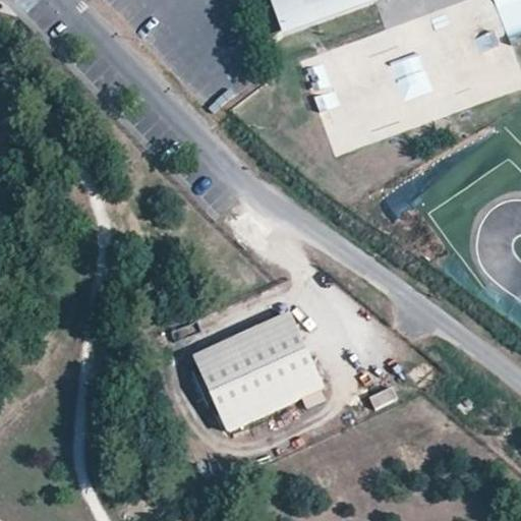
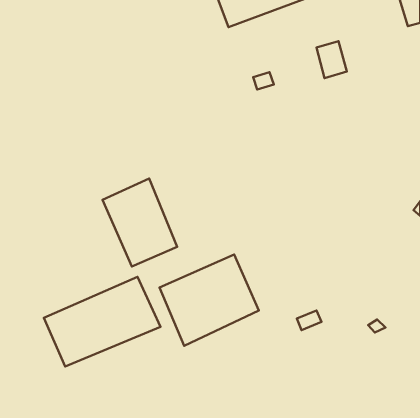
building: none -> [102,178,177,267]
building: none -> [44,277,161,367]

